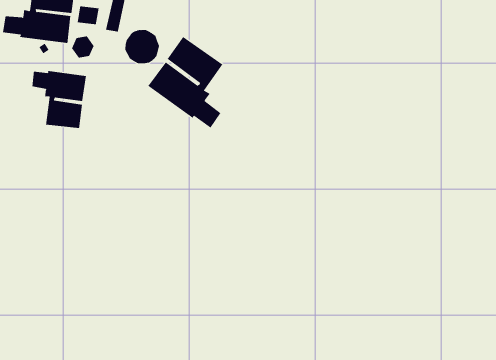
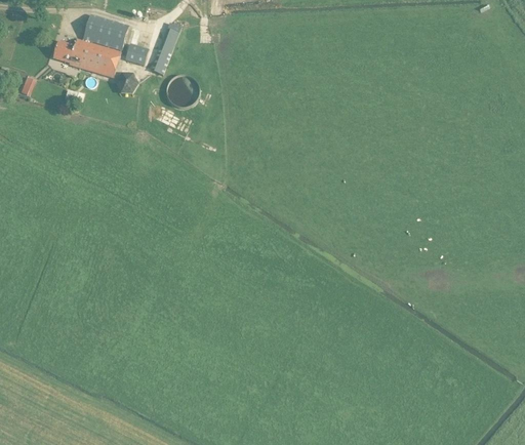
building: [147,36,223,128] -> none
building: [32,70,86,129] -> none

